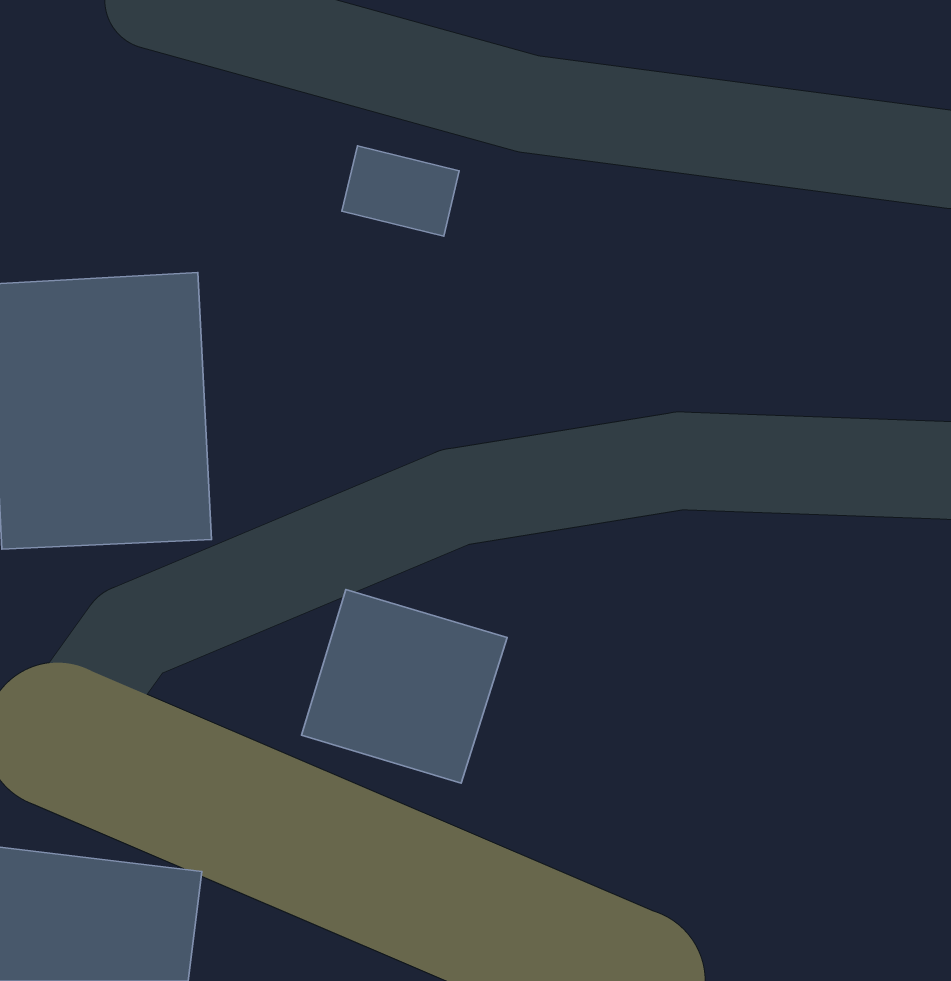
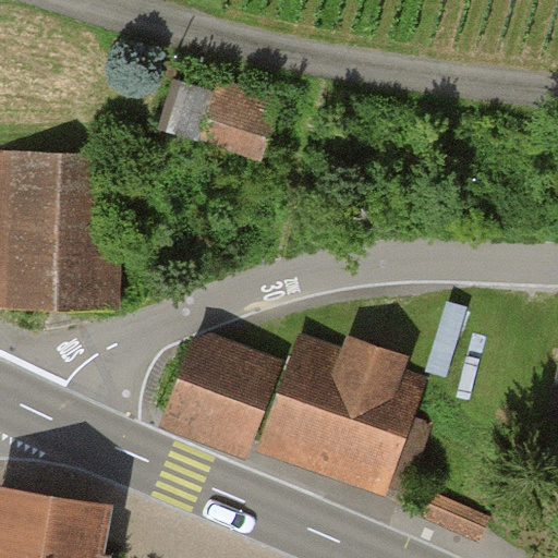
building: none -> [262,335,422,483]

